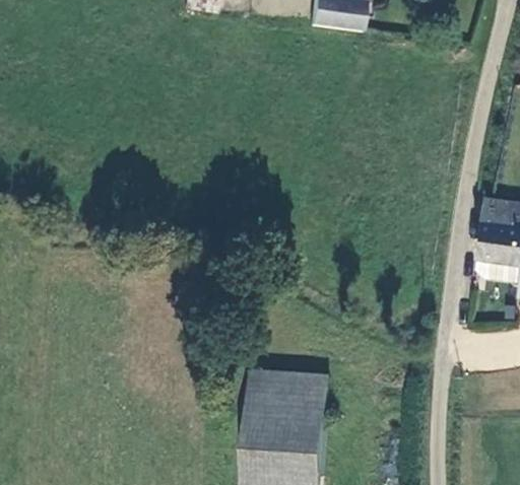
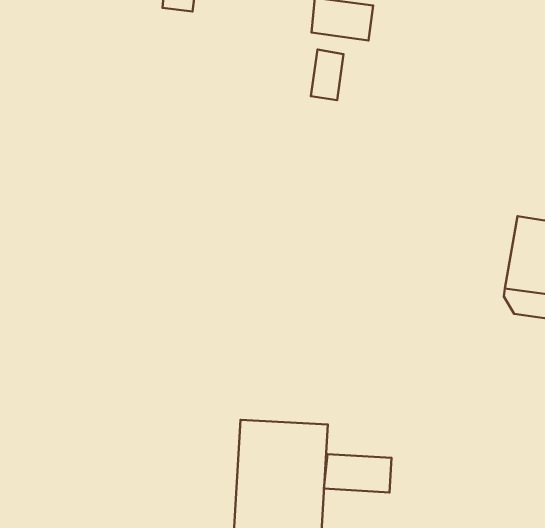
building: none -> [311,49,343,100]
building: none -> [324,454,392,492]

